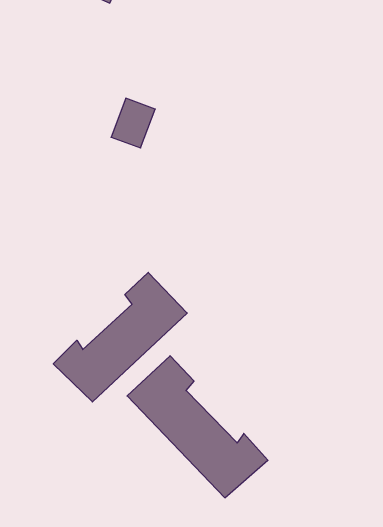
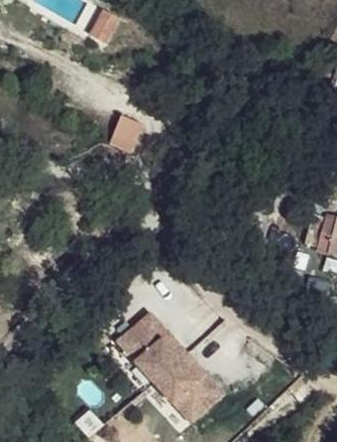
building: [53,272,187,402] -> none

